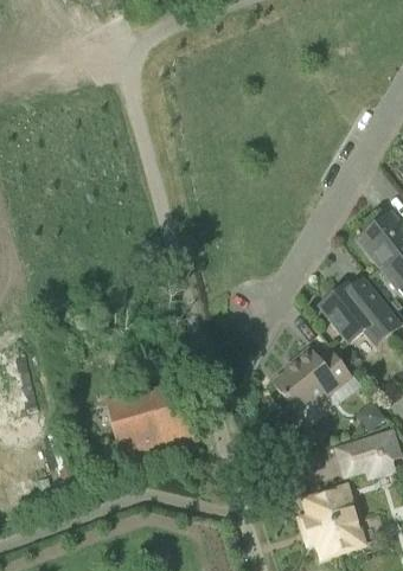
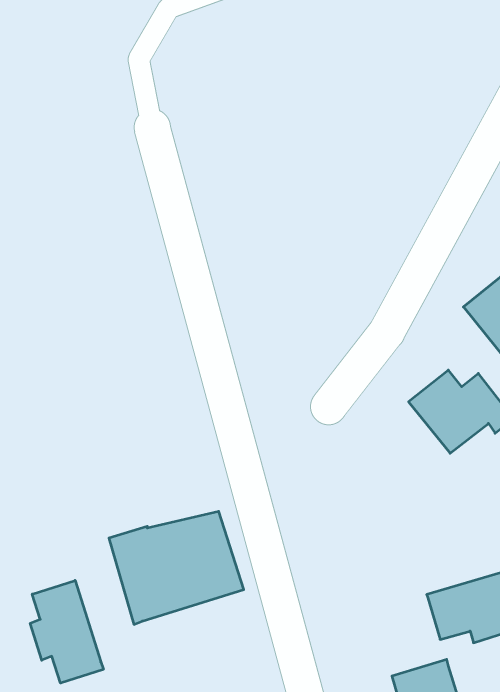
building: [274,347,360,411] -> none
building: none -> [30,580,103,683]

